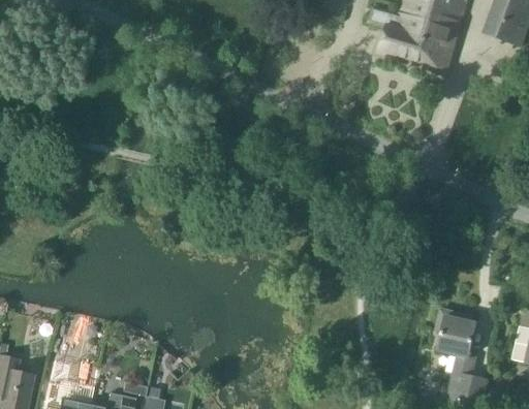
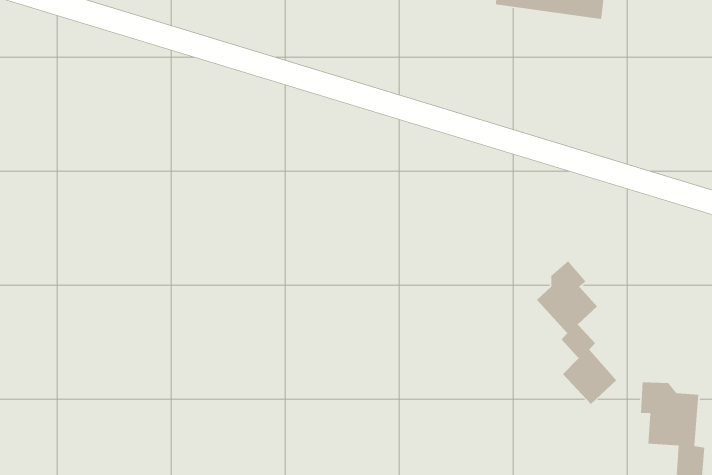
building: none -> [536,260,617,405]

